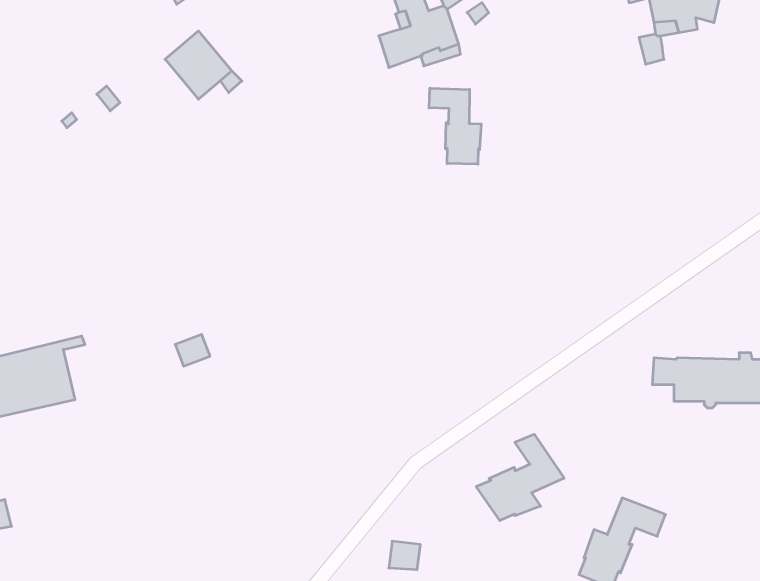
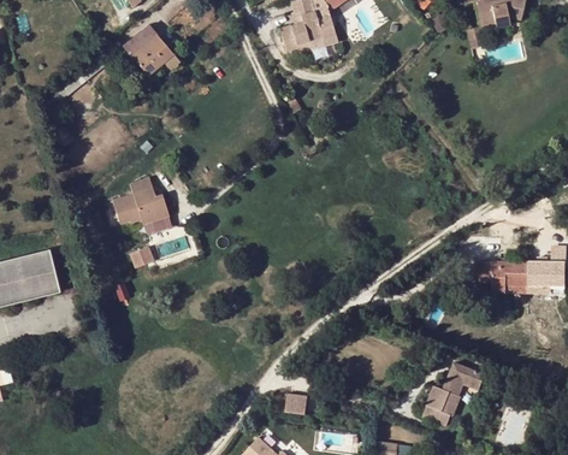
building: [429,88,481,164] -> none
building: none -> [112,177,170,224]
building: [476,434,564,521] -> none

